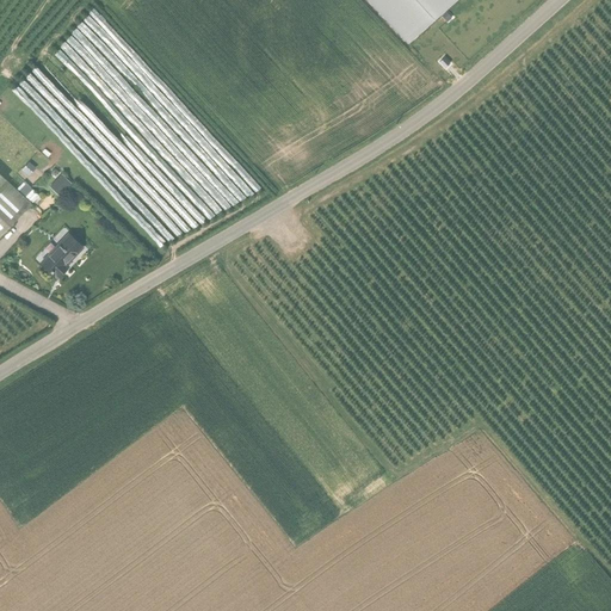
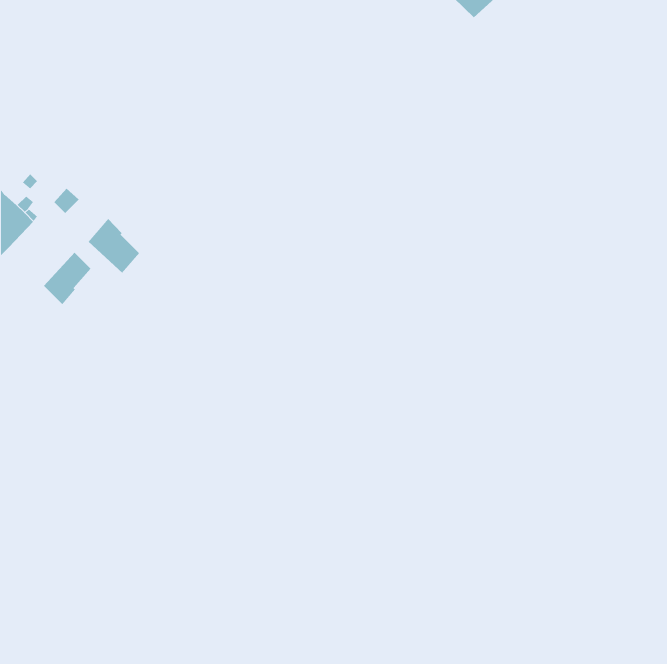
building: none -> [88,218,140,274]

